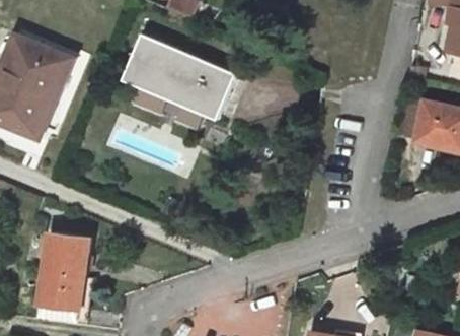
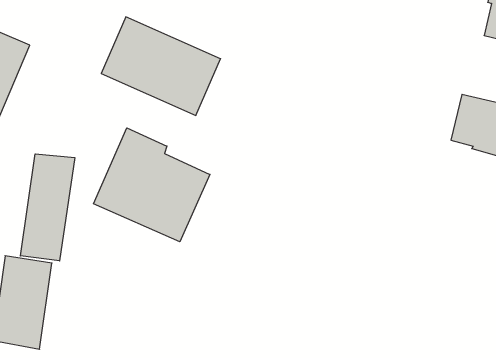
building: none -> [93,128,210,242]
building: none -> [20,154,75,261]

